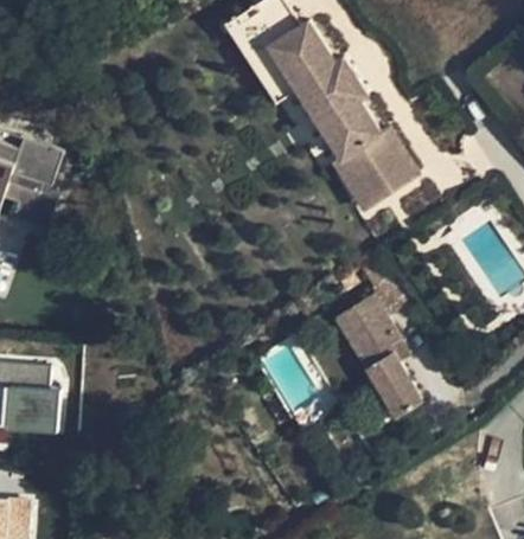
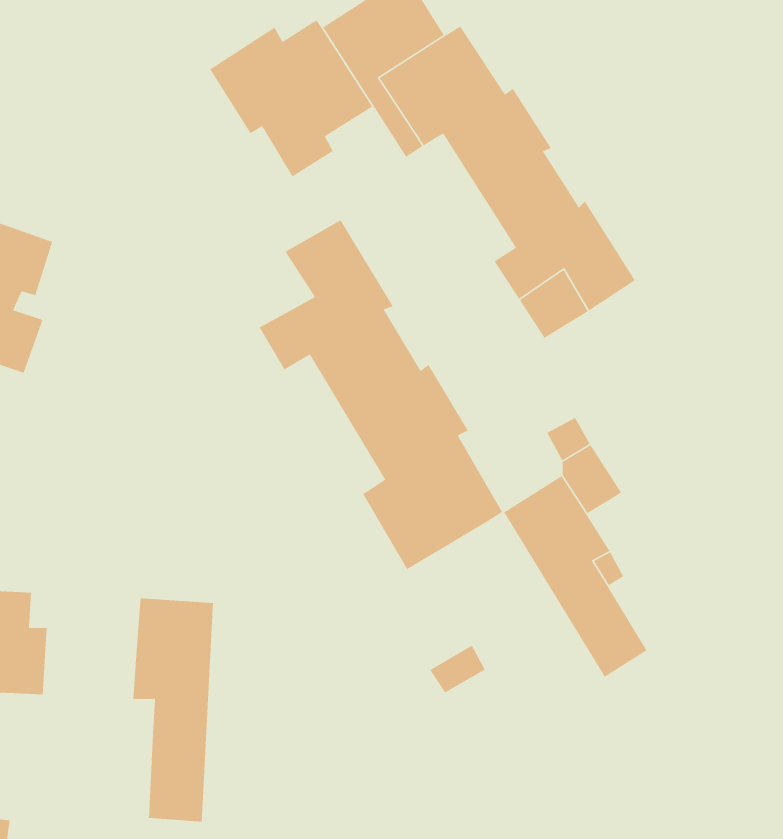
building: none -> [209,19,373,177]
building: none -> [259,219,503,570]
building: none -> [133,598,214,822]

